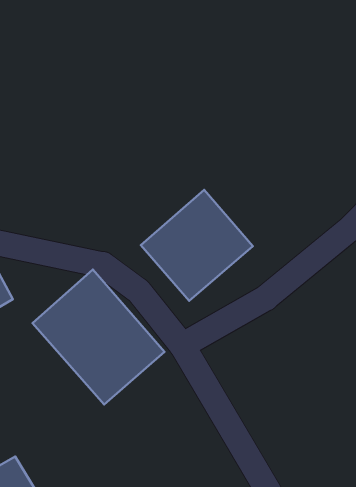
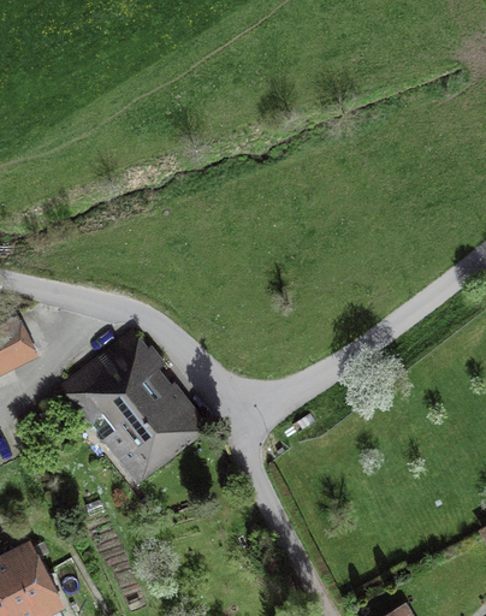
building: [141,190,253,301] -> none

